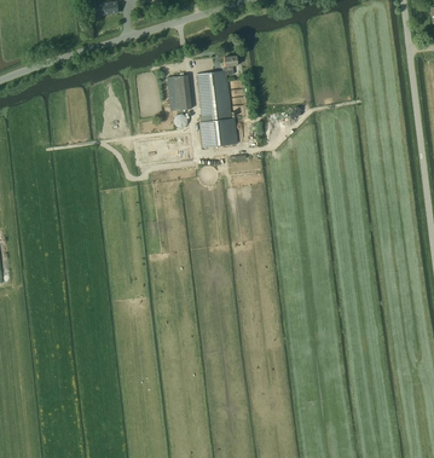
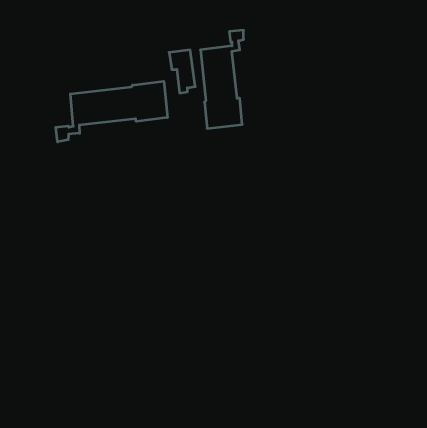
building: none -> [56,81,167,142]

